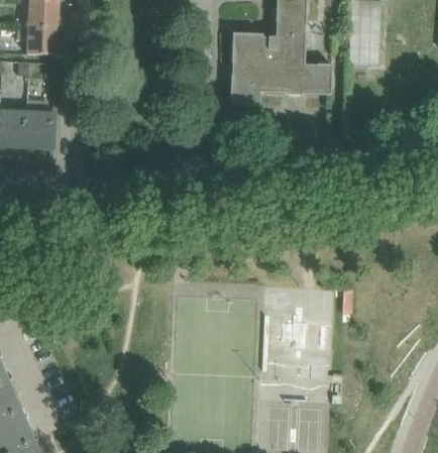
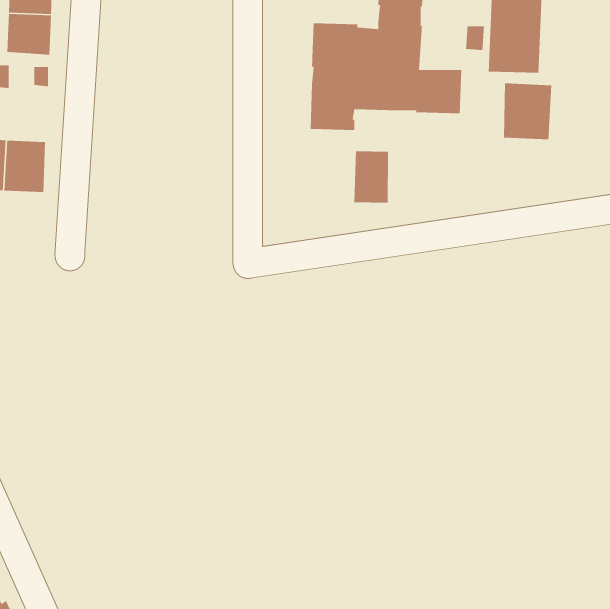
building: none -> [503,83,552,140]
building: none -> [354,150,389,204]

